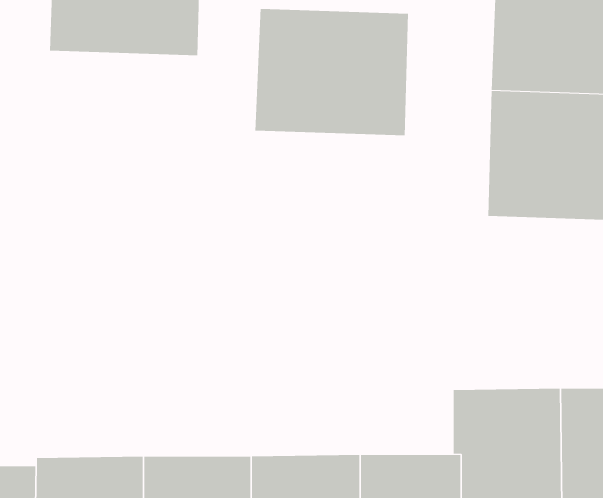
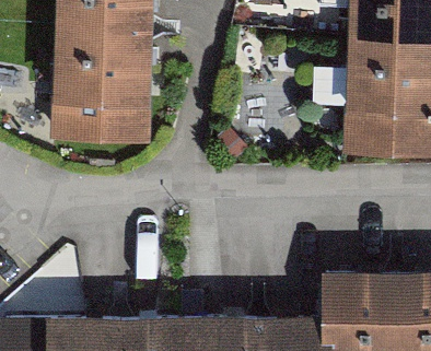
building: [255,8,409,136] -> none
building: none -> [50,47,152,145]

